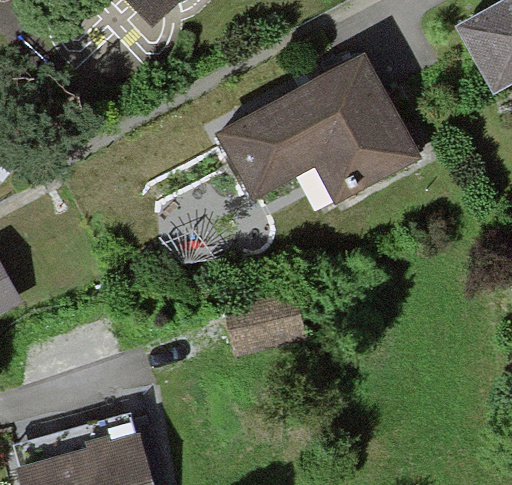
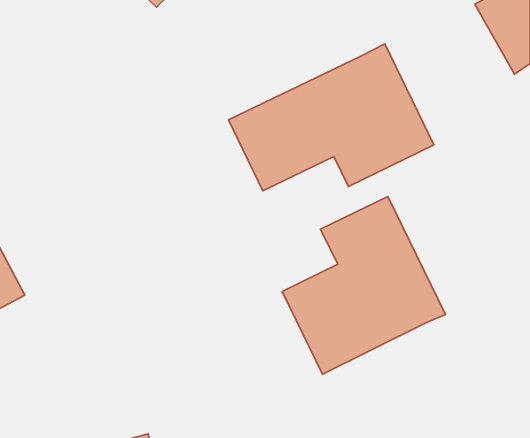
building: none -> [282,196,445,374]

